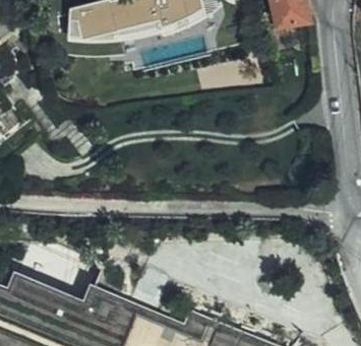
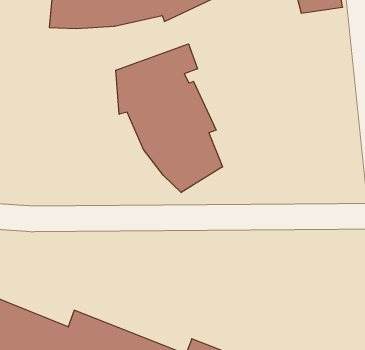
building: none -> [116,44,223,193]

